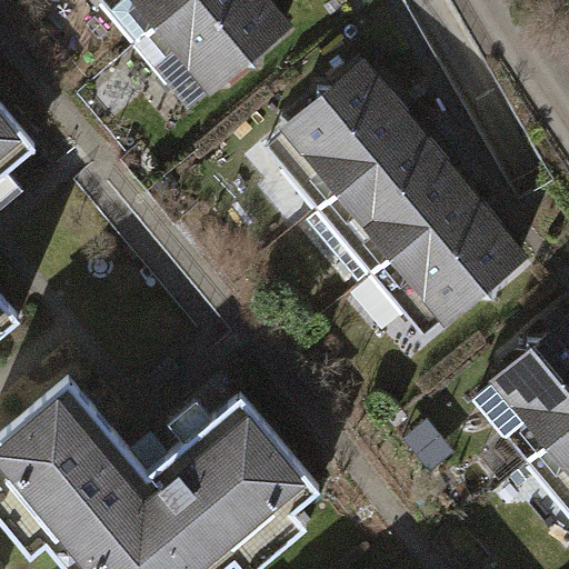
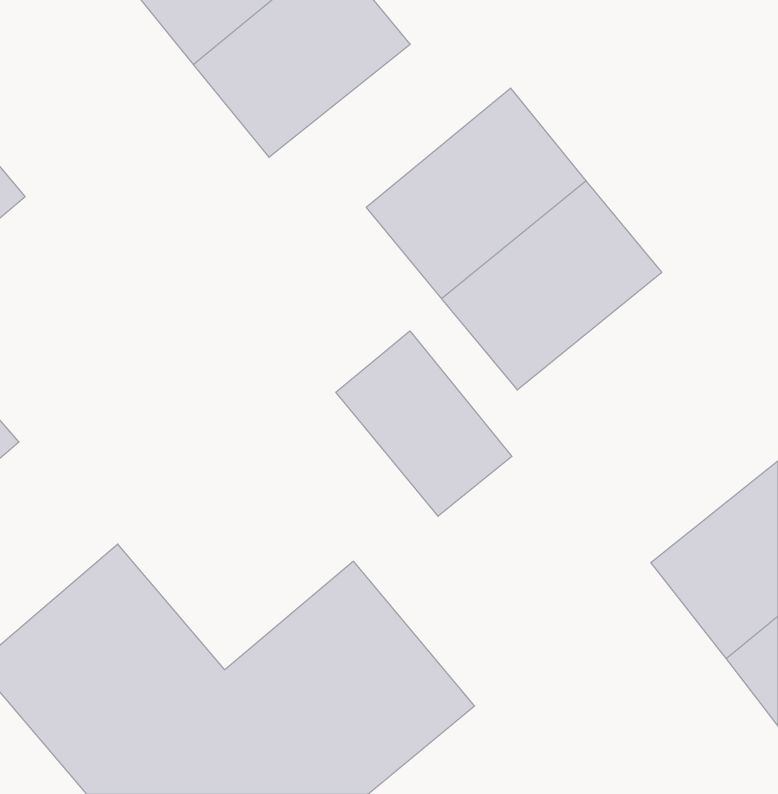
building: [366,192,521,341] -> none
building: none -> [336,331,512,516]

